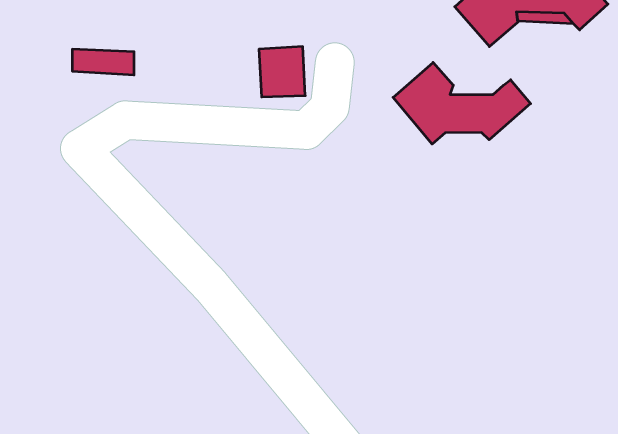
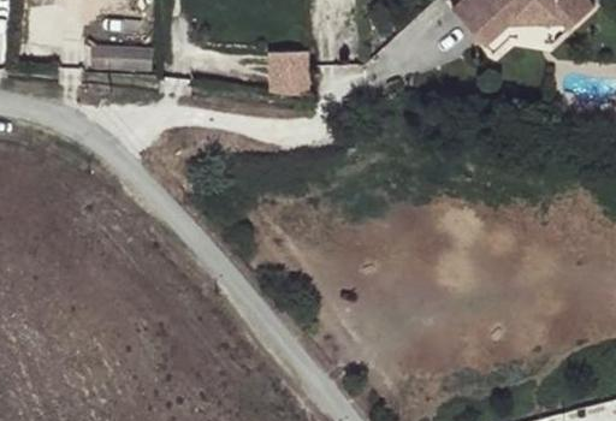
building: [393,62,531,144] -> none

